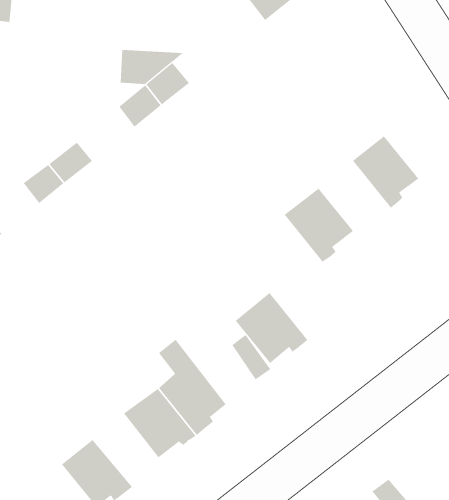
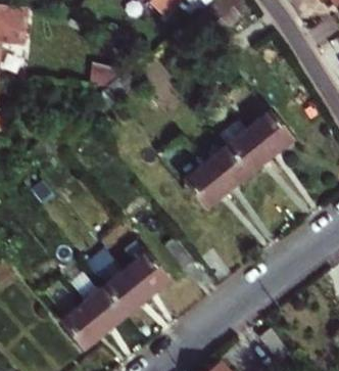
building: none -> [226,127,272,172]
building: [235,292,308,364] -> [181,161,228,207]
building: none -> [81,289,123,336]

